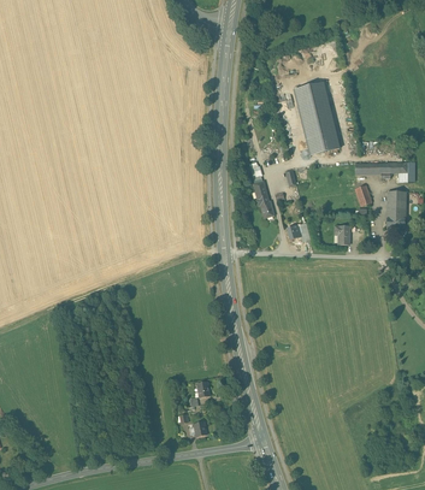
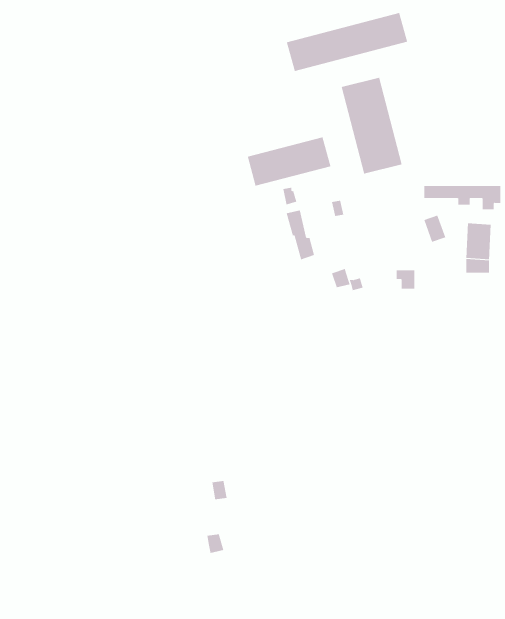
building: none -> [286,12,408,72]
building: none -> [247,137,331,186]

